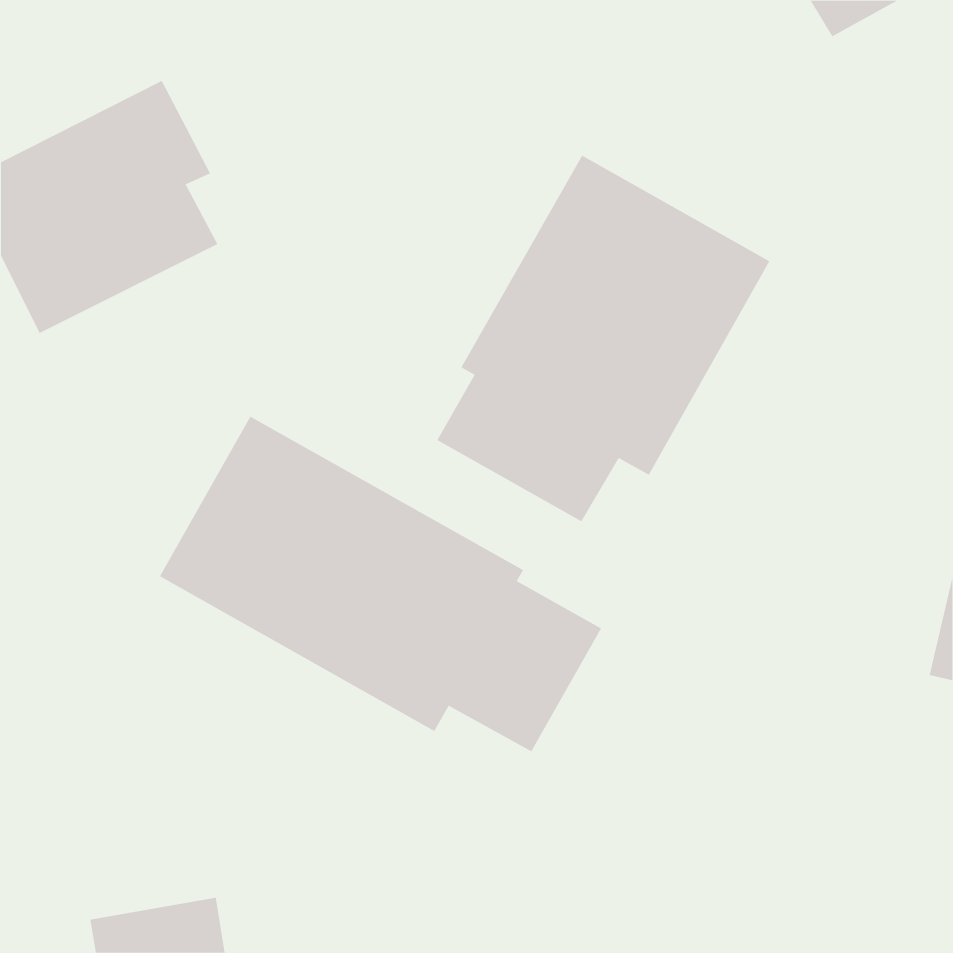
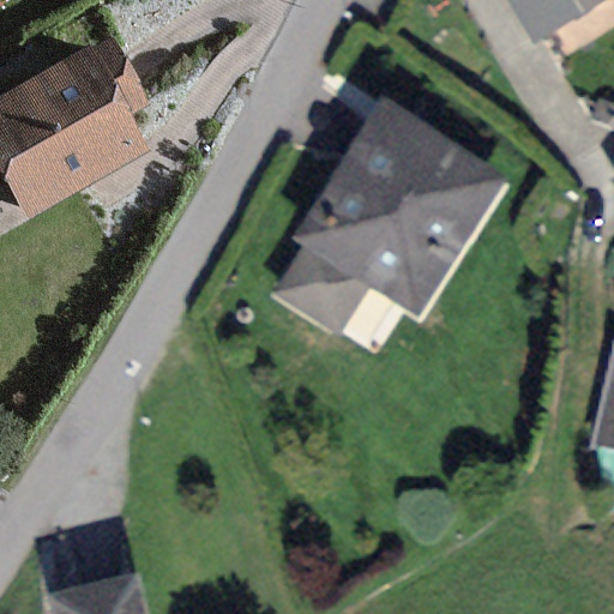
building: [159,416,602,752] -> none

